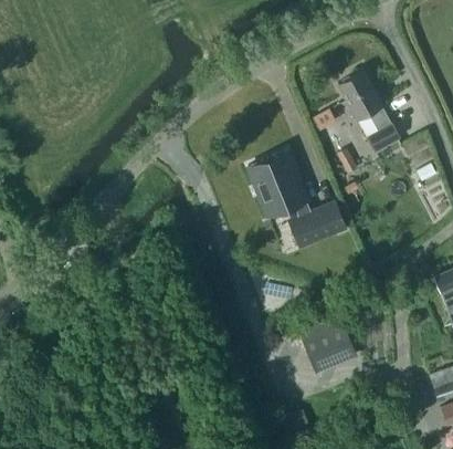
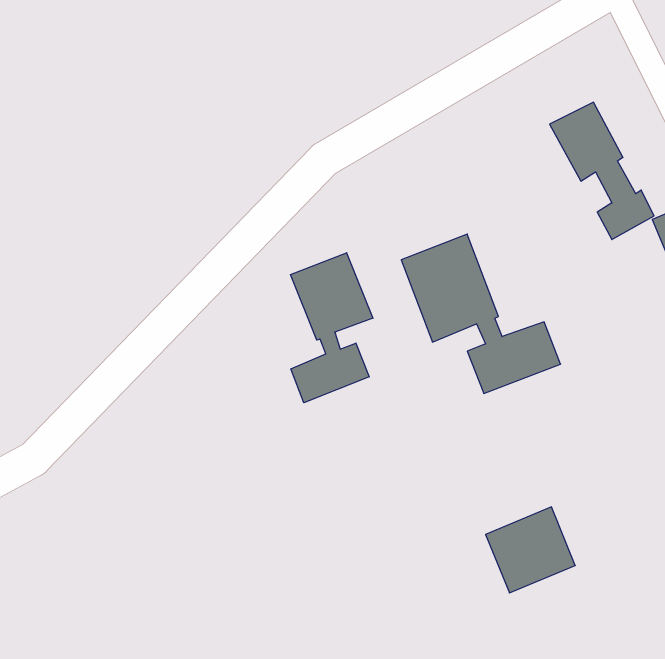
building: none -> [290,253,373,403]

